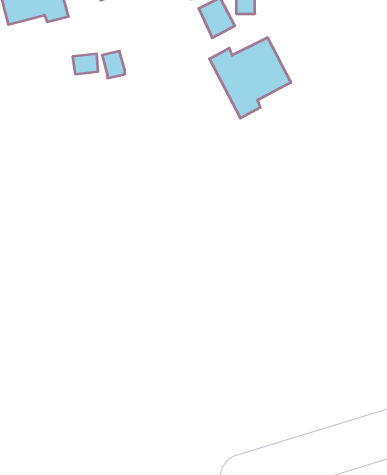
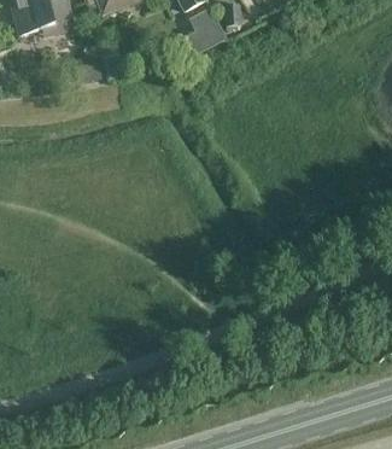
building: [209,38,291,118] -> none

